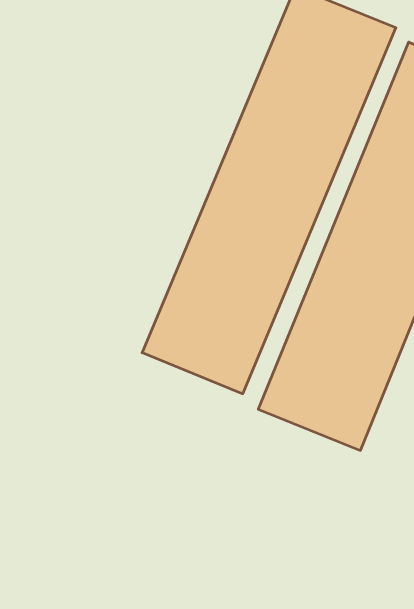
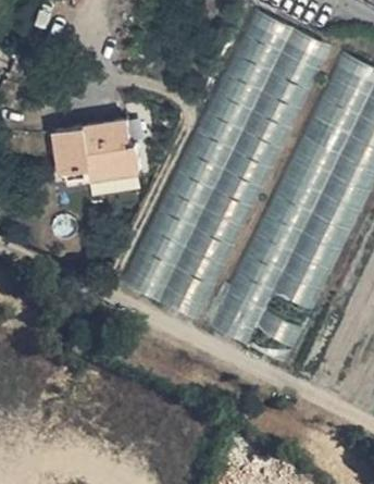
building: none -> [52,123,144,188]

